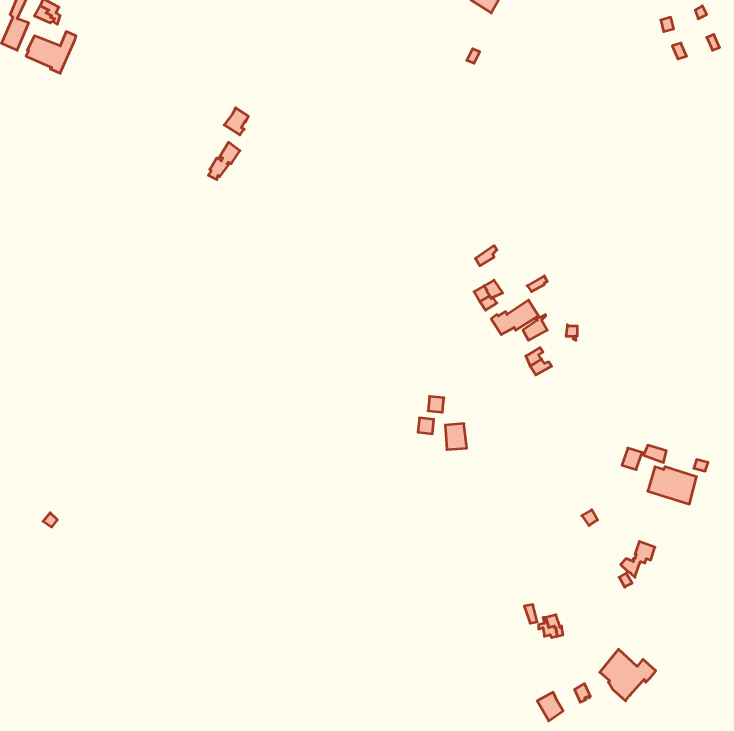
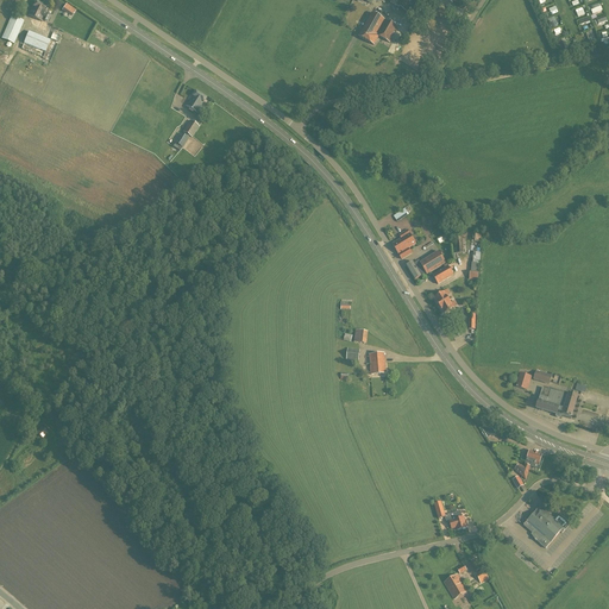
building: none -> [359,11,398,43]
building: [600,649,656,701] -> [523,504,570,547]

